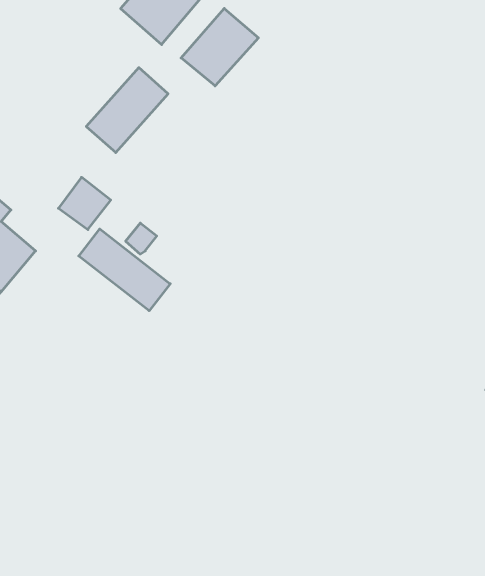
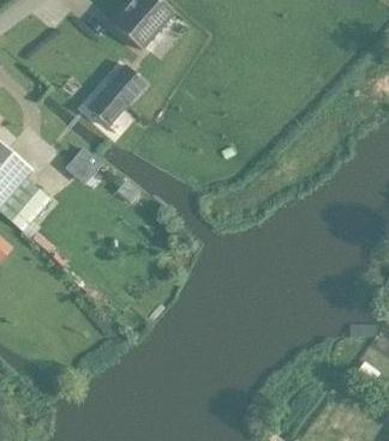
building: [181,8,258,86] -> none
building: [79,229,170,311] -> none

